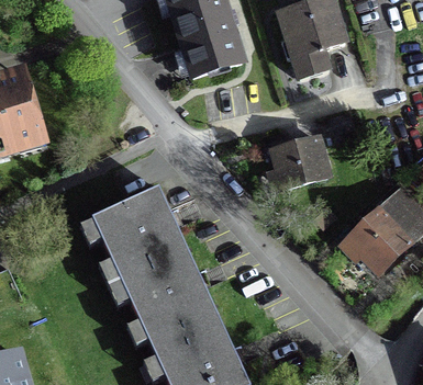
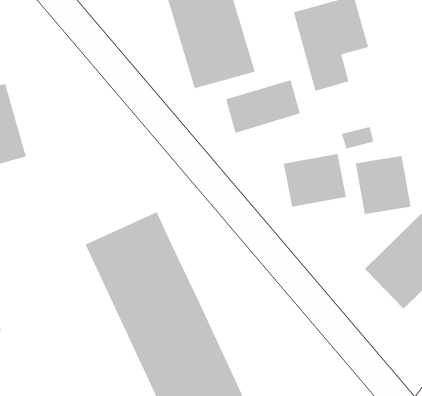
building: none -> [225,79,301,134]
building: none -> [355,155,411,215]

